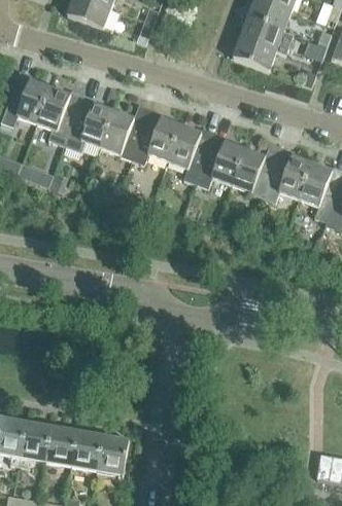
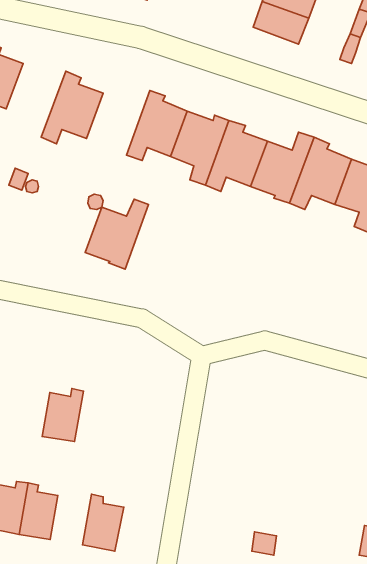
building: [36,86,83,145] -> none
building: [100,104,150,159] -> [85,199,148,269]
building: [71,427,104,469] -> [42,389,83,442]

